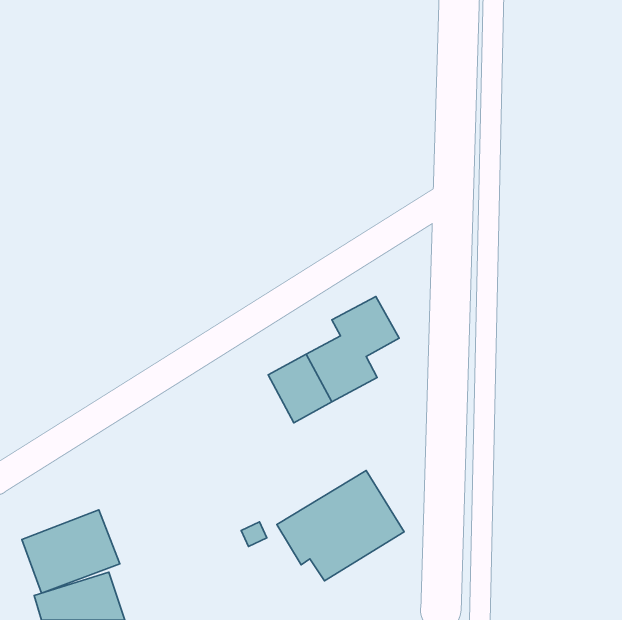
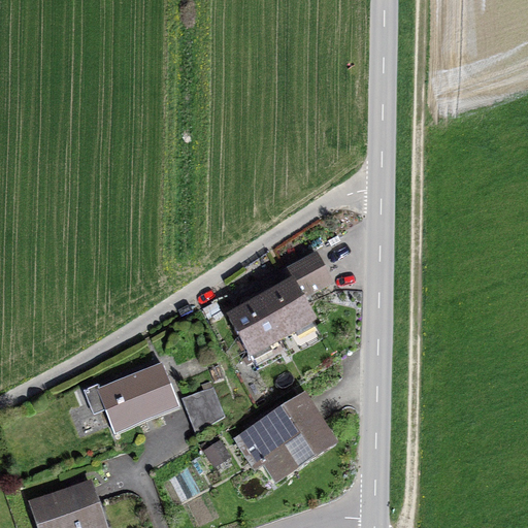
building: none -> [180,386,225,431]
building: [22,510,120,593] -> [95,359,177,429]

